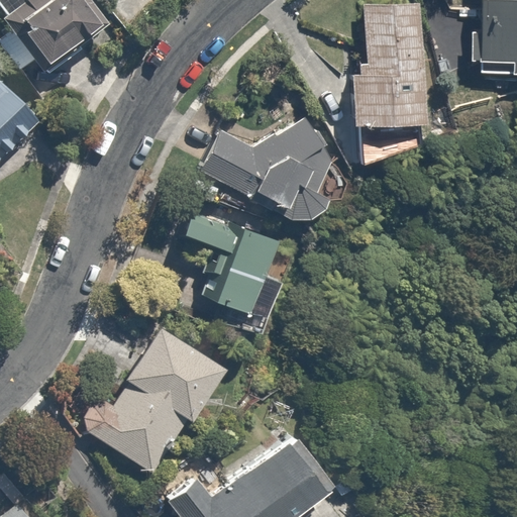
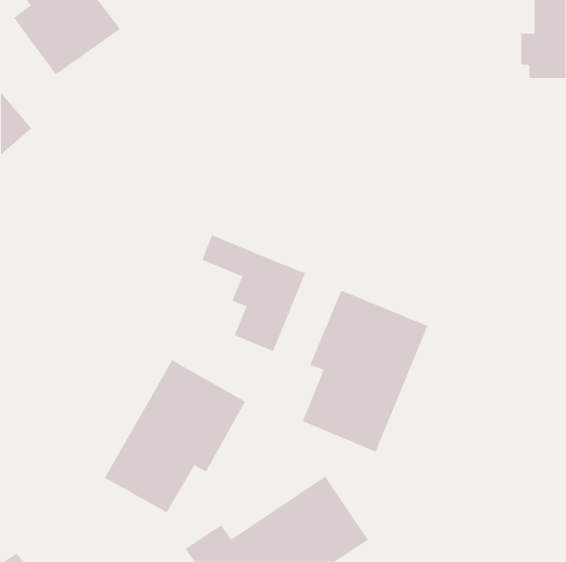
building: [351,8,421,133] -> none
building: [196,110,345,231] -> none
building: none -> [302,290,428,452]

